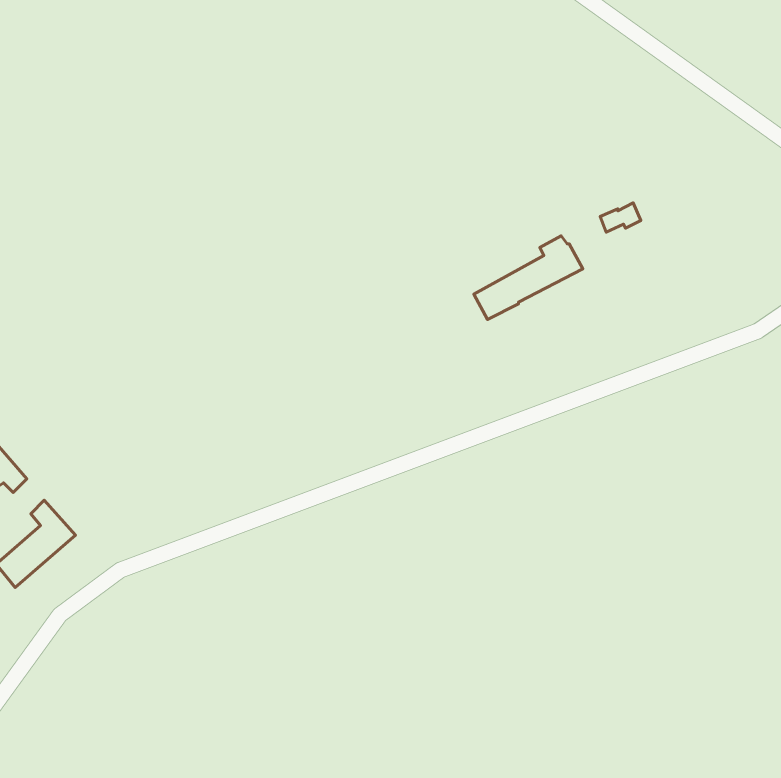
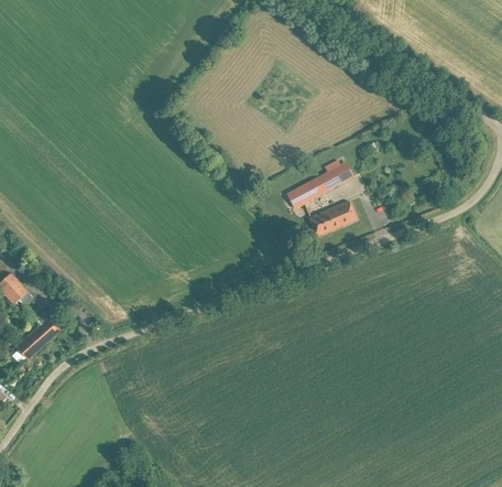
building: none -> [309,201,357,236]

